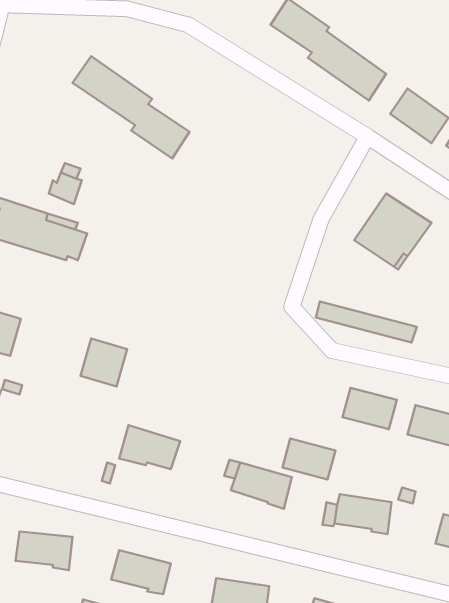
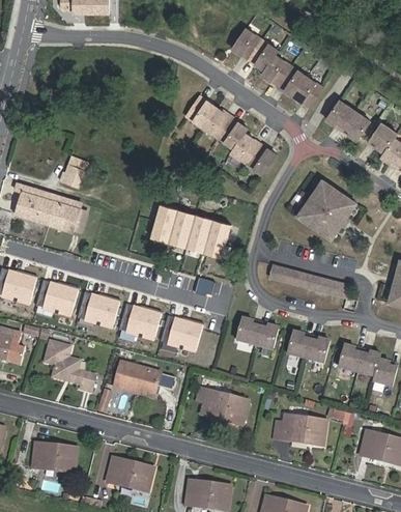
building: [73,56,190,159] -> [184,94,276,174]
building: none -> [150,203,232,259]
building: none -> [41,281,78,318]
building: none -> [124,305,161,342]
building: none -> [166,316,202,353]
building: none -> [44,340,95,391]
building: [282,438,336,480] -> [236,317,278,349]

